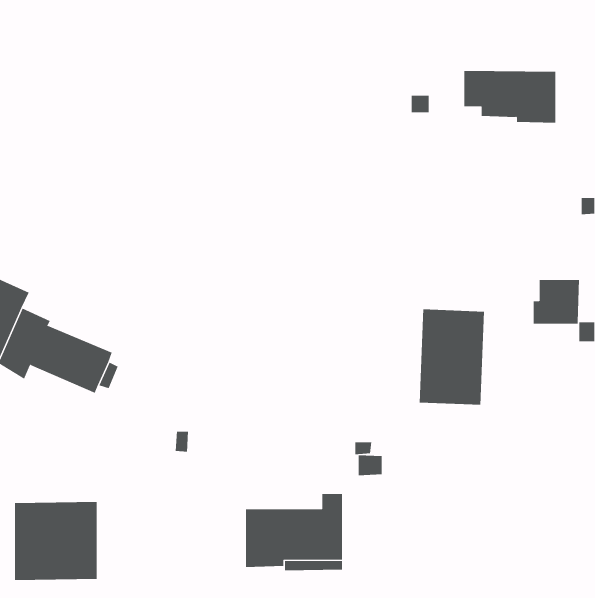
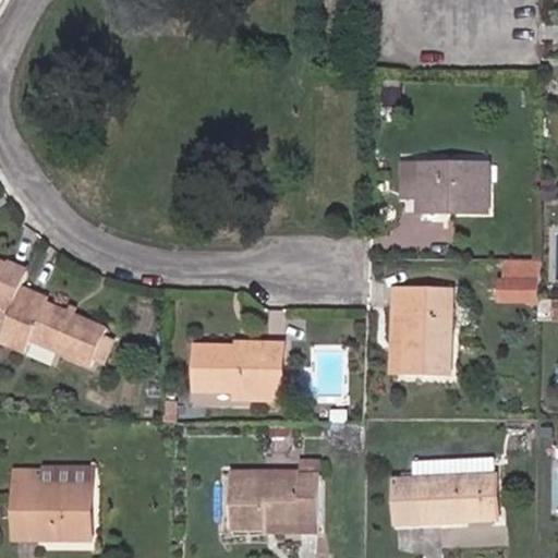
building: [463,70,556,123] -> [400,162,486,211]
building: none -> [192,340,282,399]
building: none -> [392,474,497,523]

